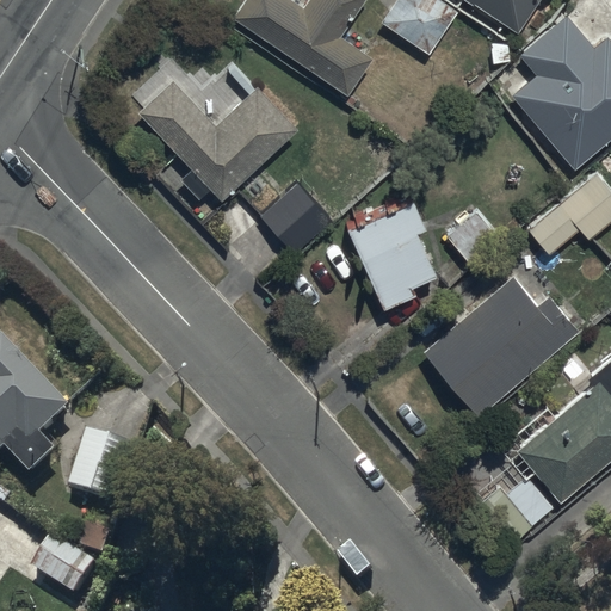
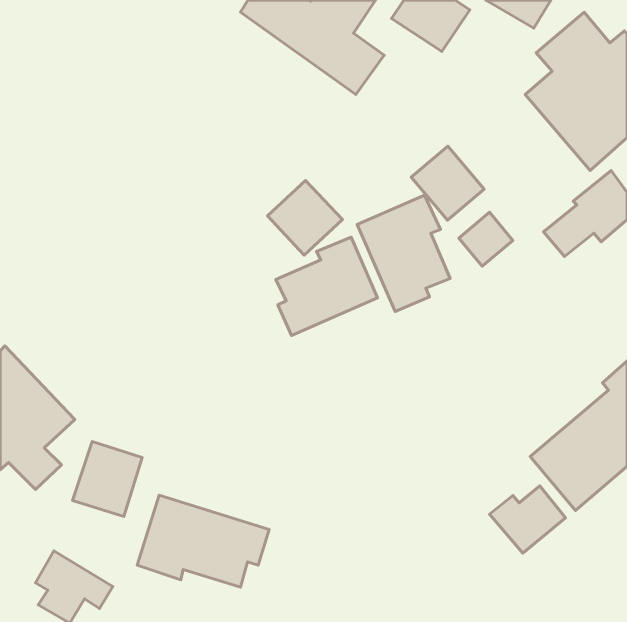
building: [140,79,302,200] -> none
building: none -> [411,146,484,220]
building: none -> [276,237,378,335]
building: [422,274,580,416] -> none
building: none -> [137,495,269,587]

